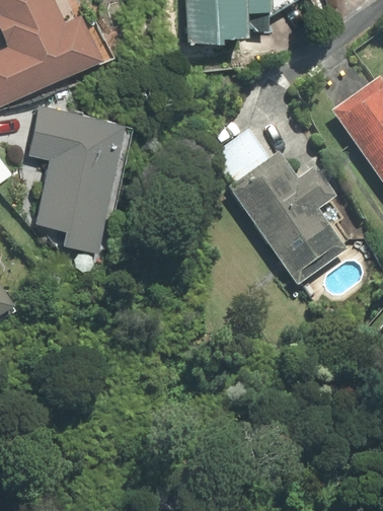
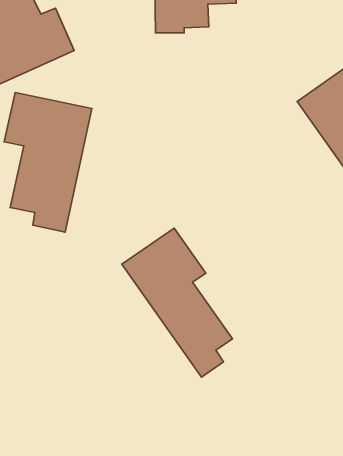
building: [214,131,350,287] -> none
building: none -> [122,228,233,377]

